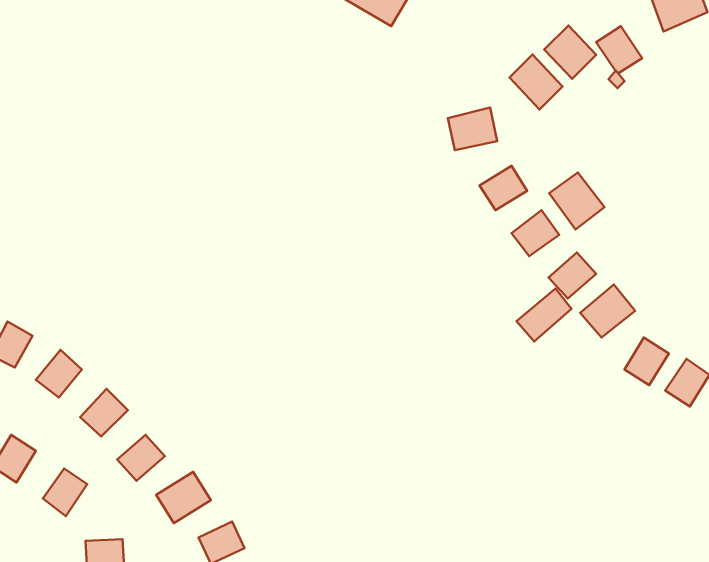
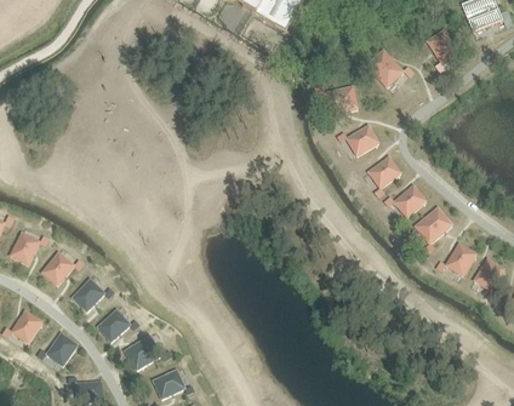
building: [544,26,596,79] -> none
building: [549,173,605,229] -> none
building: [517,289,571,341] -> none

